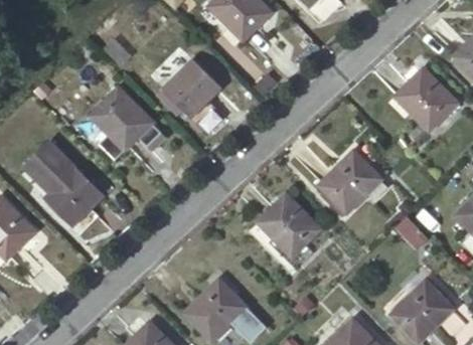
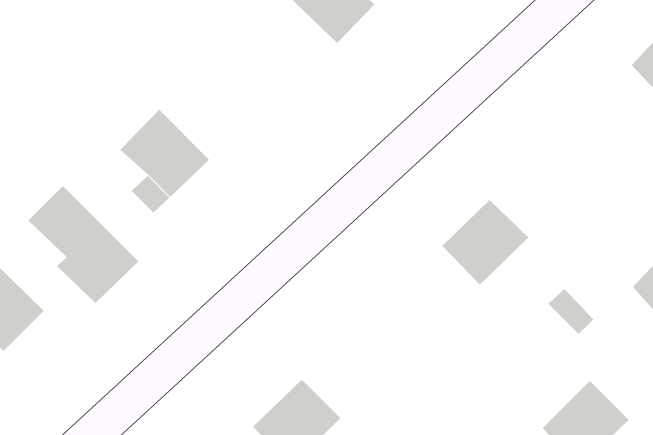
building: [163,60,219,117] -> none
building: [393,68,457,130] -> none
building: [257,194,319,256] -> none

